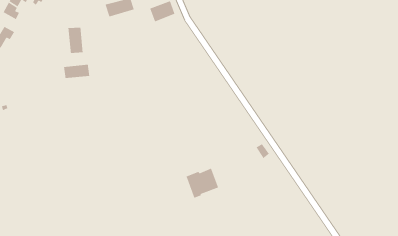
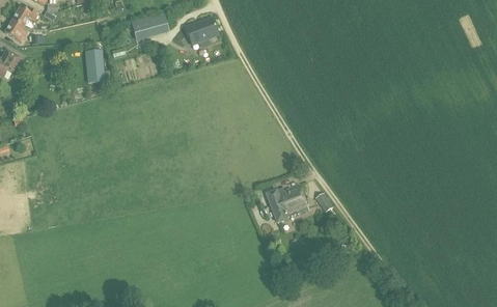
building: [63,64,90,79] -> none
building: [185,168,219,199] -> [267,183,308,221]

